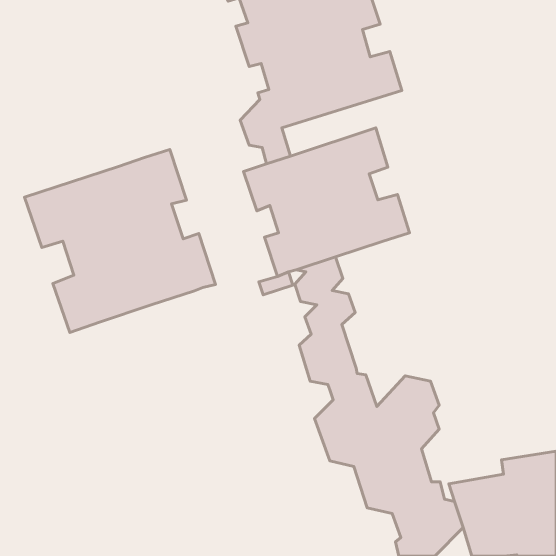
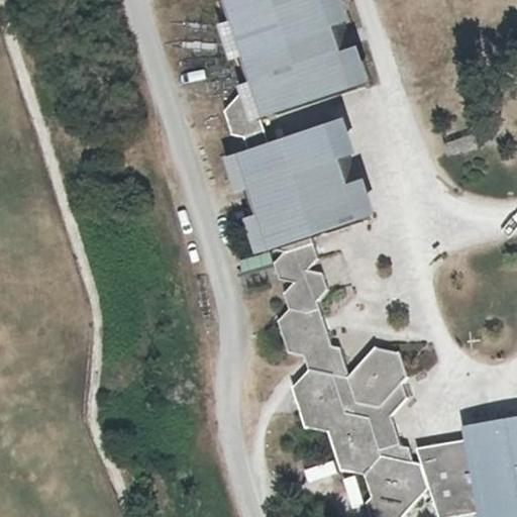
building: [24,149,215,332] -> none

